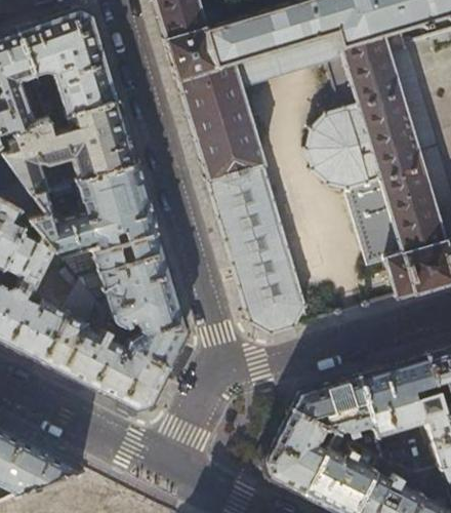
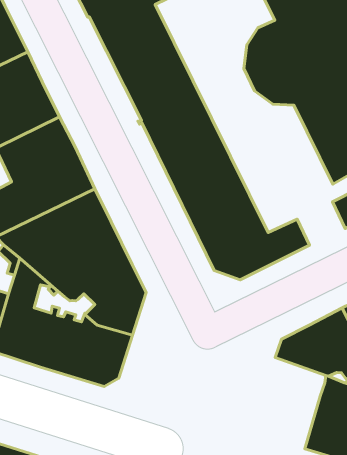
building: [264,409,333,495] -> none

